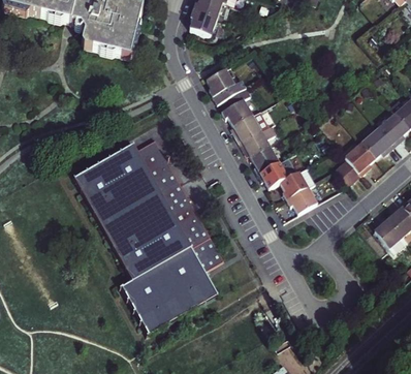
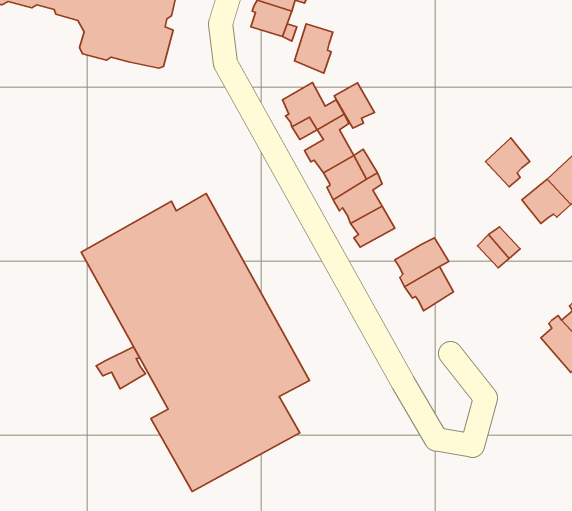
building: none -> [295,24,333,73]
building: none -> [334,83,374,128]
building: [347,143,376,175] -> [485,138,530,187]
building: [258,156,298,188] -> none
building: none -> [96,347,146,389]

